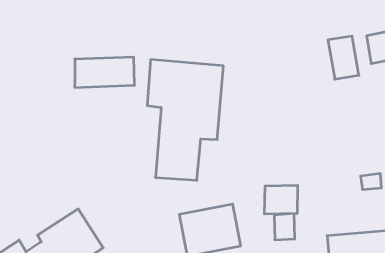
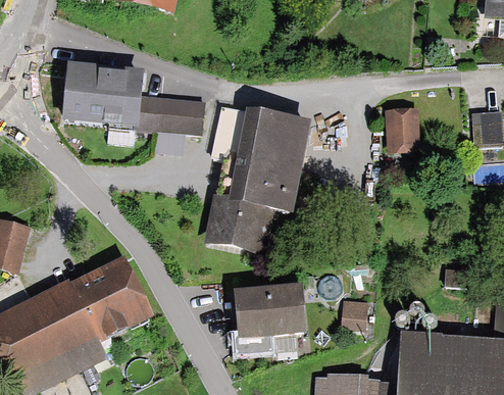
building: [328,36,359,79] -> [387,106,416,152]
building: none -> [70,70,145,121]
building: [264,185,298,214] -> none

